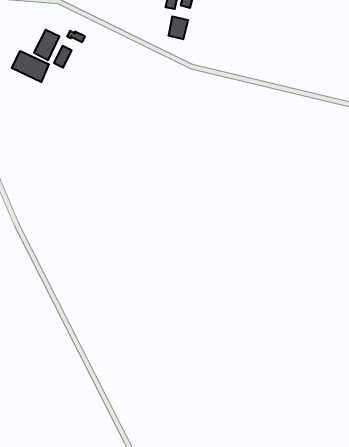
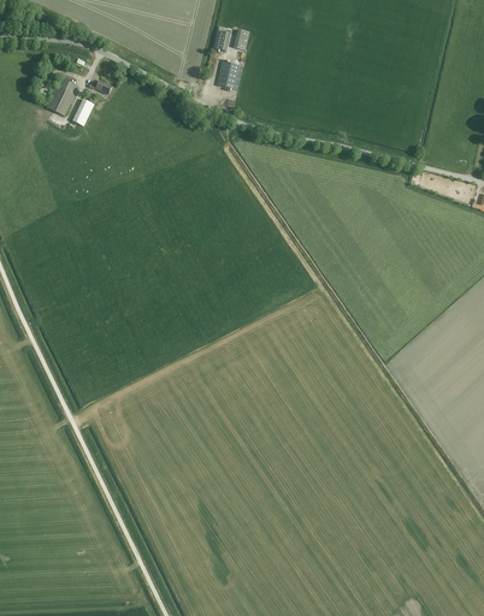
building: [12,51,49,82] -> none

